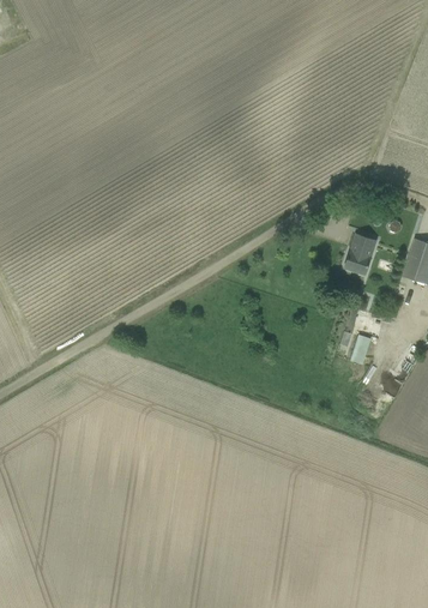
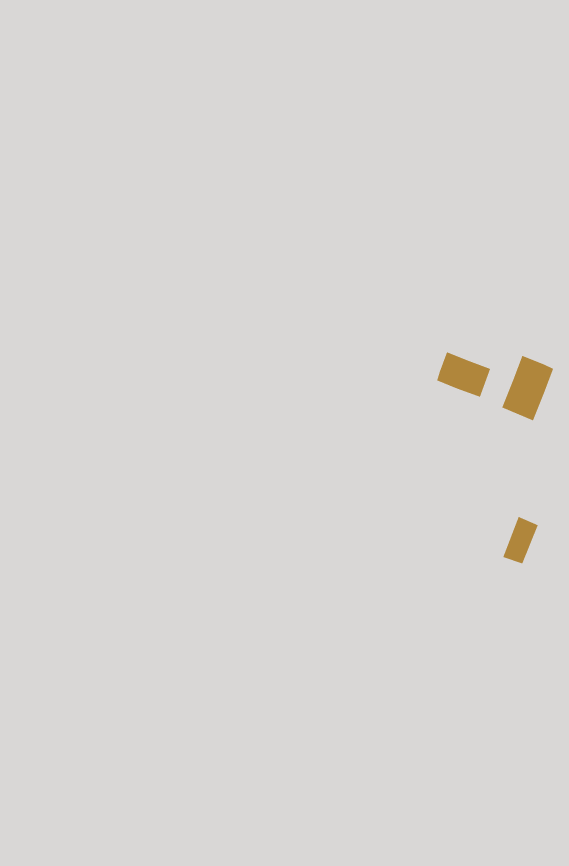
building: none -> [436,351,491,398]

